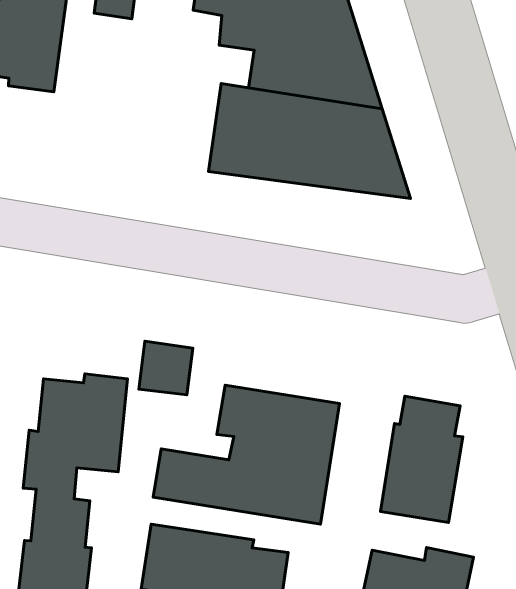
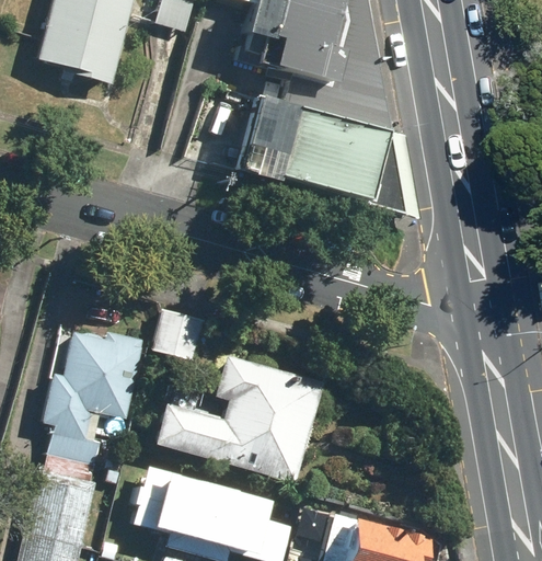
building: [381,396,463,523] -> none

